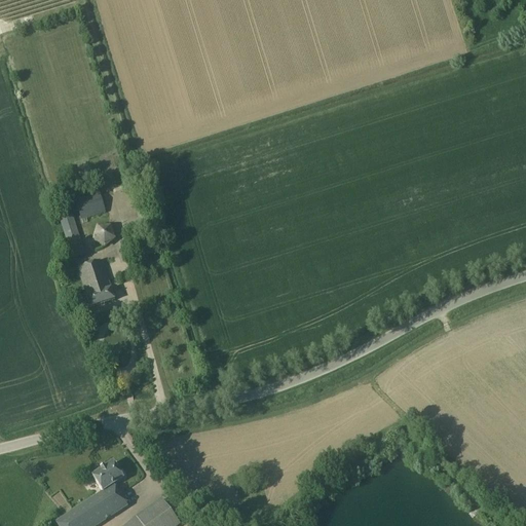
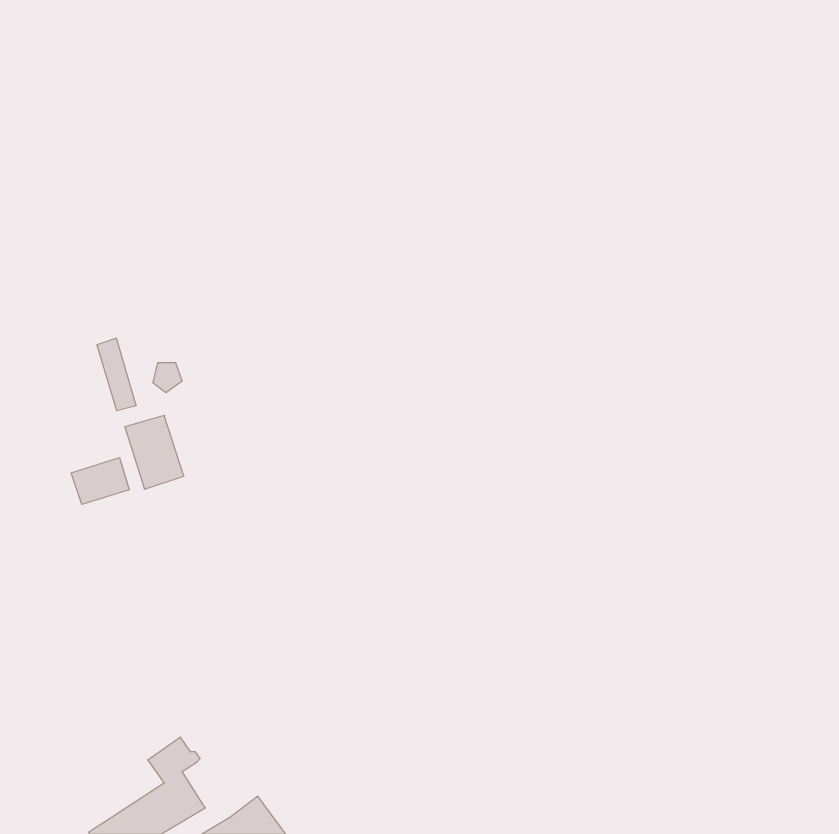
building: [75,190,106,218] -> none
building: none -> [71,458,129,504]

